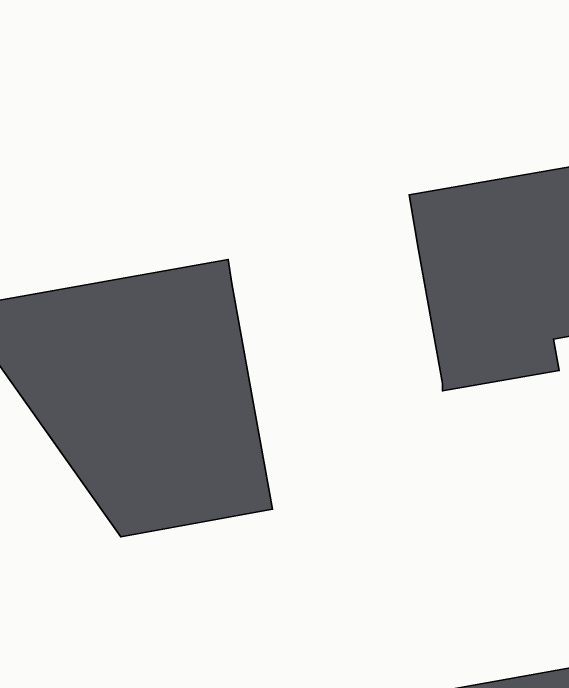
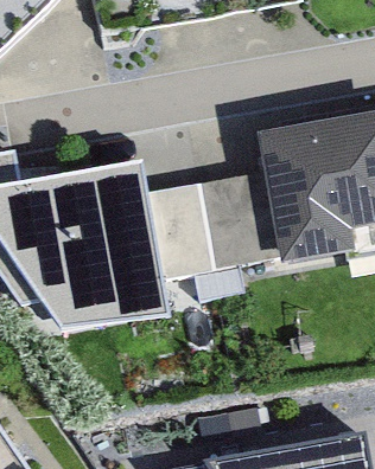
building: none -> [153,166,288,272]

